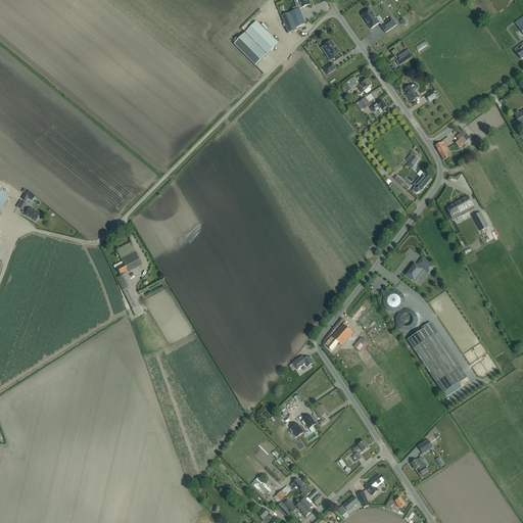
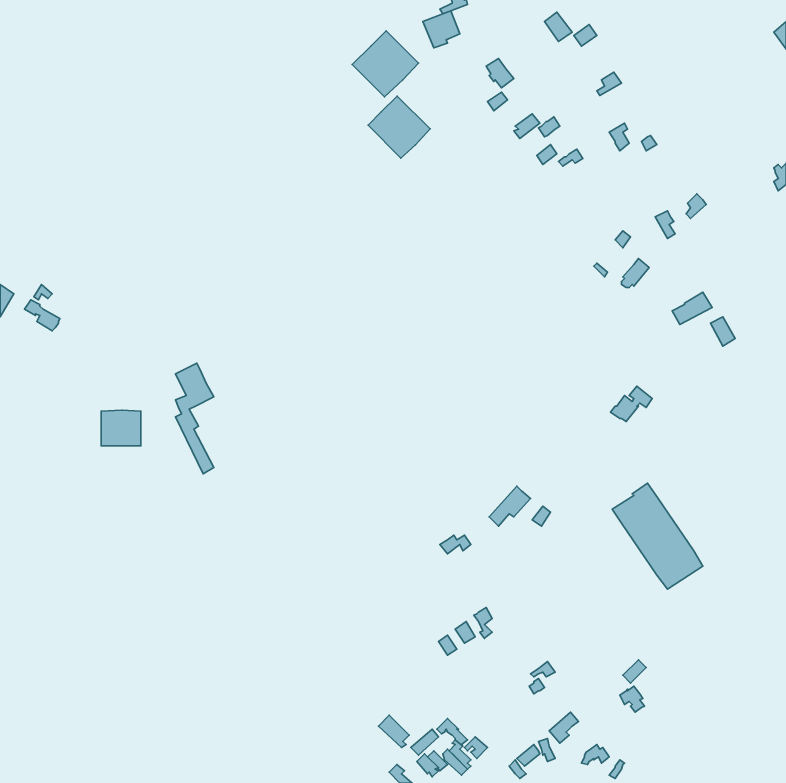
building: none -> [368,96,430,158]
building: none -> [101,410,141,446]

